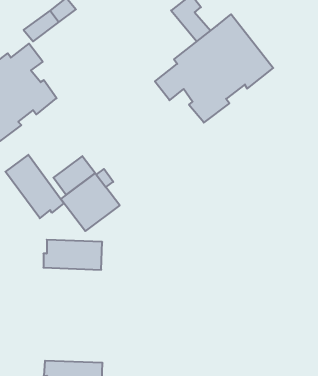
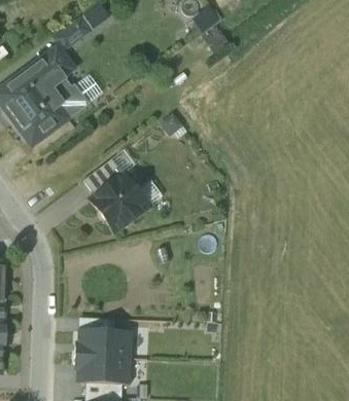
building: [155,14,273,123] -> none
building: [5,155,64,218] -> none
building: [43,240,102,270] -> [75,328,132,357]

